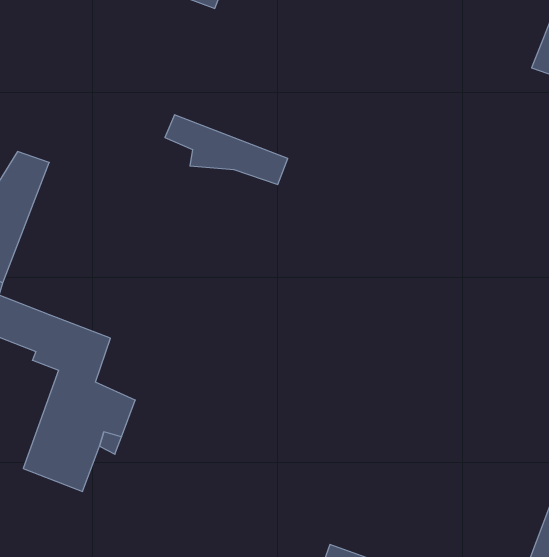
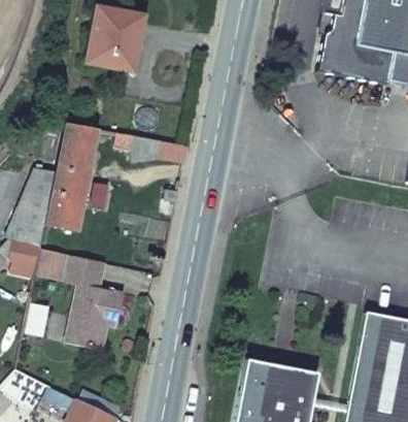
building: none -> [49,122,98,230]

